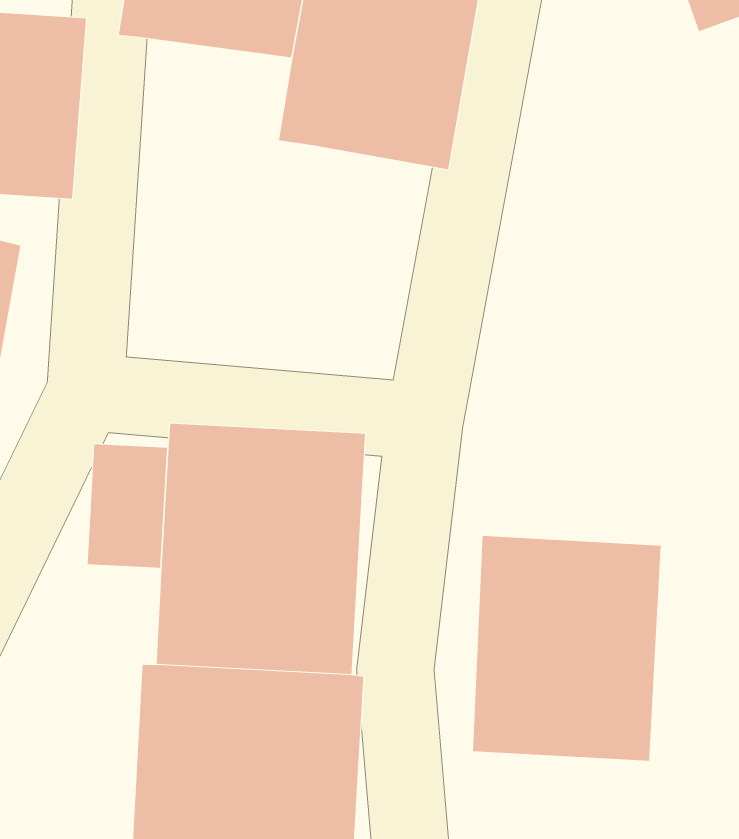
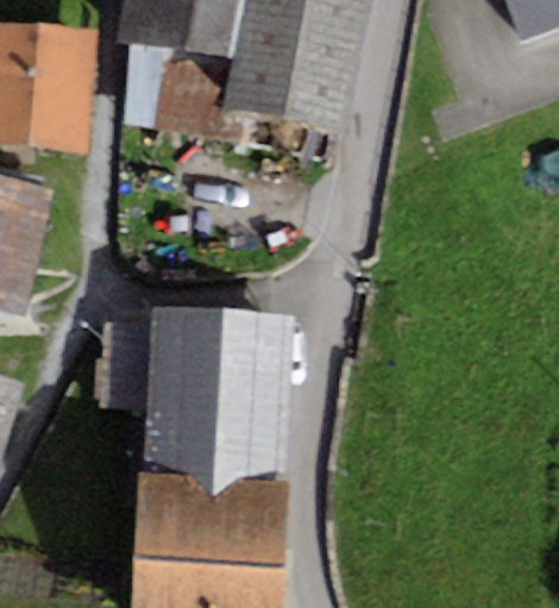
building: none -> [121,40,251,144]
building: [472,535,661,761] -> none

